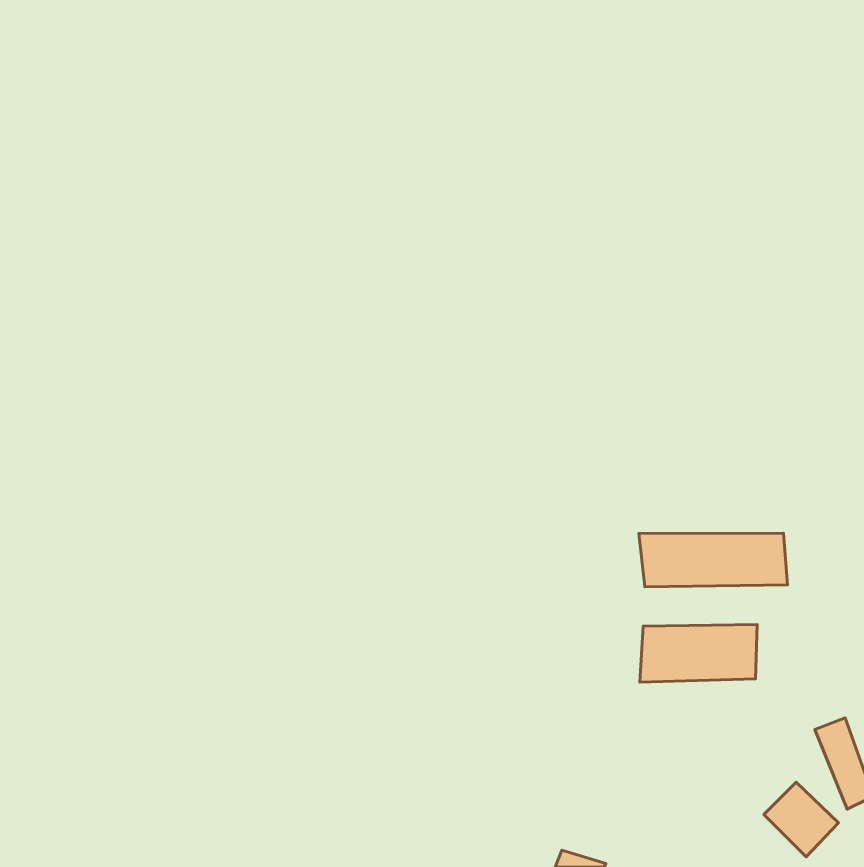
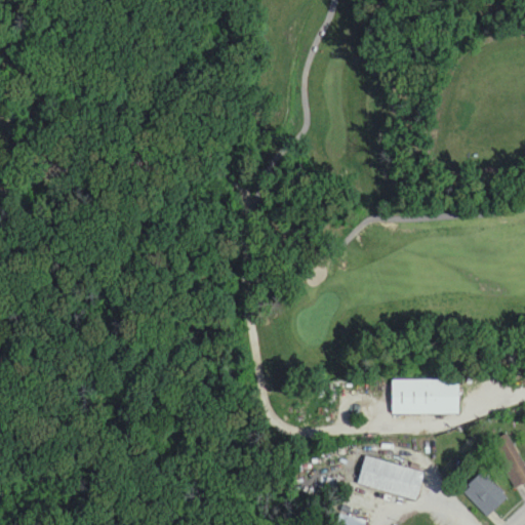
building: [639,533,788,587] -> none
building: none -> [359,457,423,500]

